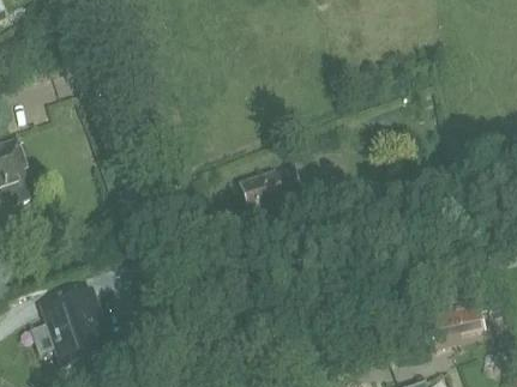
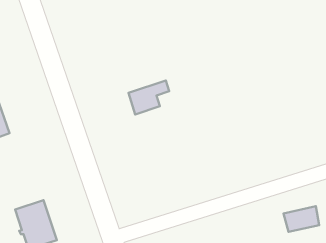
building: [239,165,297,214] -> [128,80,169,114]

